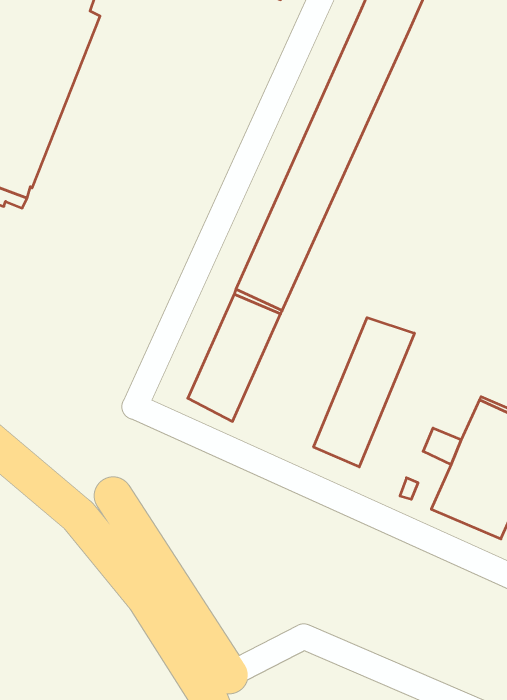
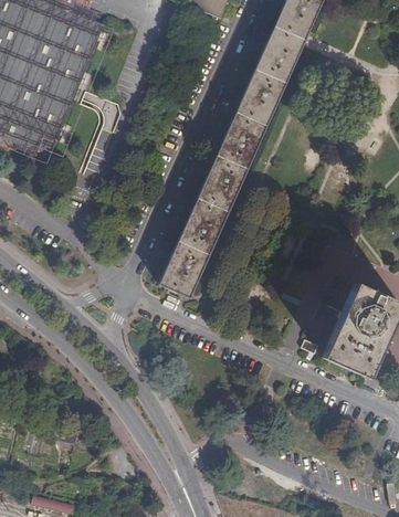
building: [314,318,414,467] -> none

